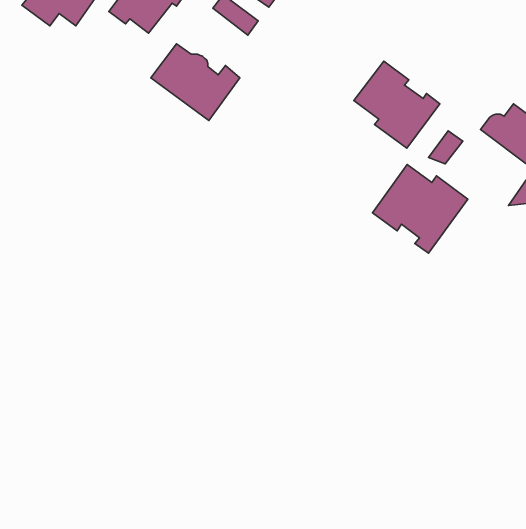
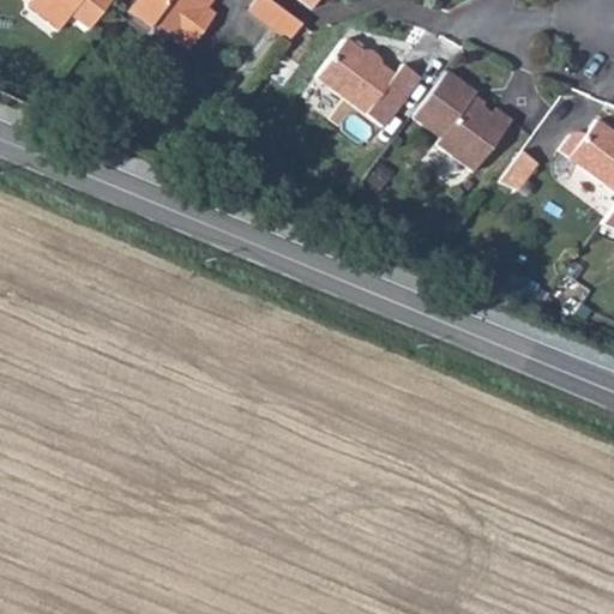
building: [151,44,240,120] -> [318,38,421,127]
building: [372,164,468,253] -> none

